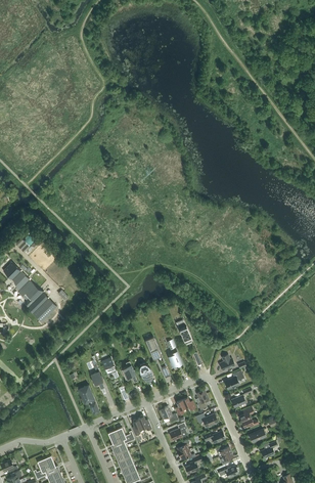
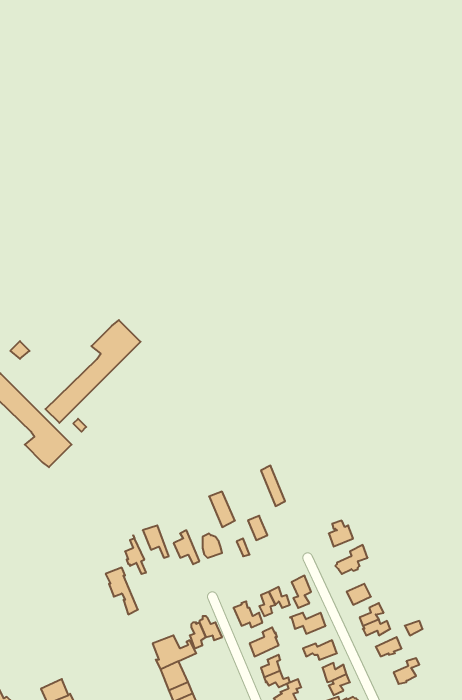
building: none -> [45,320,141,423]

